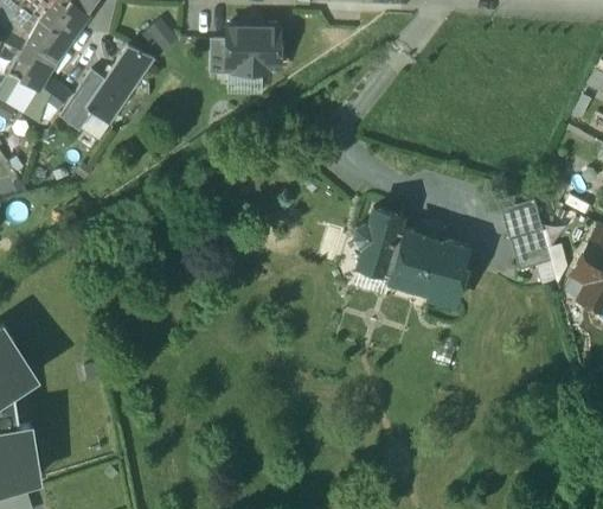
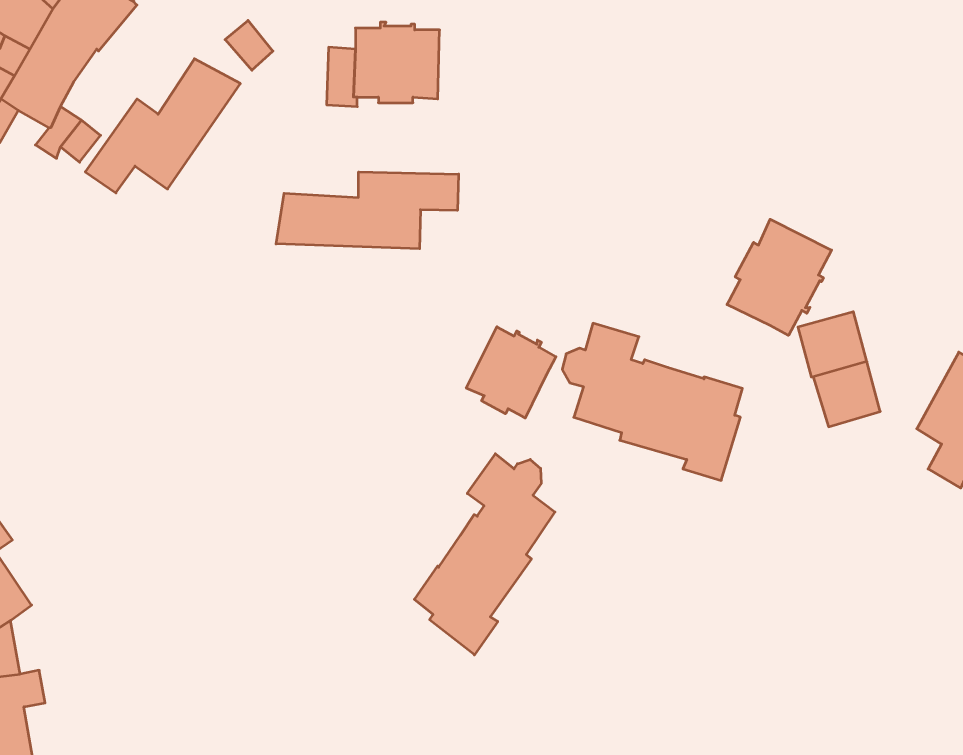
building: none -> [276,172,459,249]
building: none -> [727,219,832,335]
building: none -> [466,327,556,418]
building: none -> [414,454,555,655]

